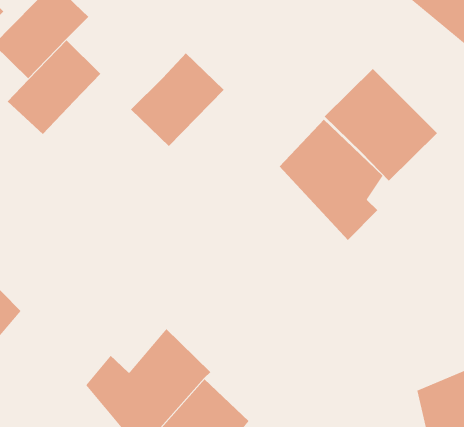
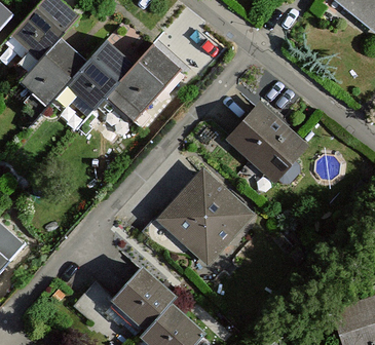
building: none -> [68,42,136,110]
building: [324,68,438,181] -> none
building: none -> [151,162,256,274]

